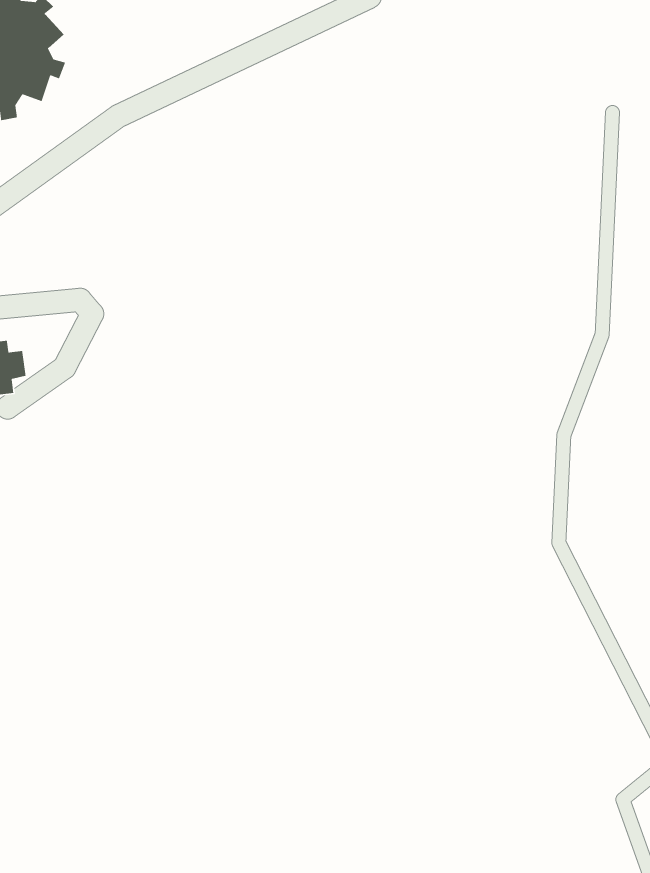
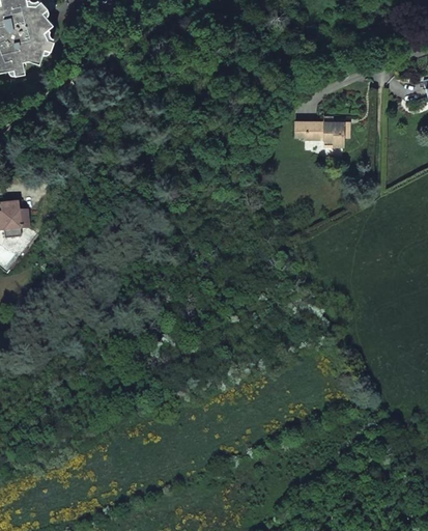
building: none -> [295,122,350,146]

